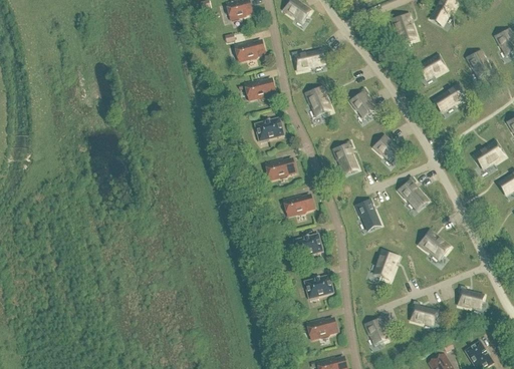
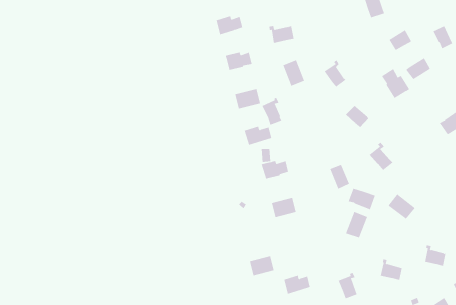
building: none -> [381,68,410,99]
building: [333,140,355,170] -> [262,97,282,125]
building: none -> [348,188,376,210]
building: [305,276,332,298] -> [249,256,275,276]

